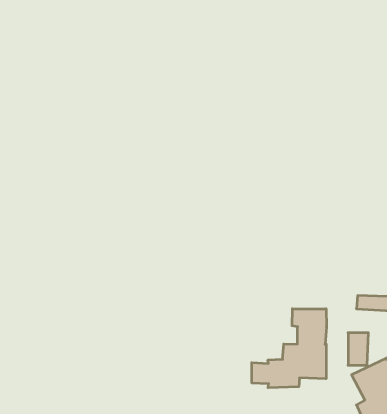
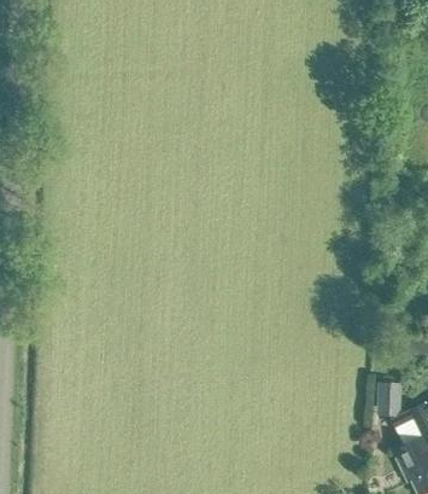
building: [252,309,326,388] -> none

